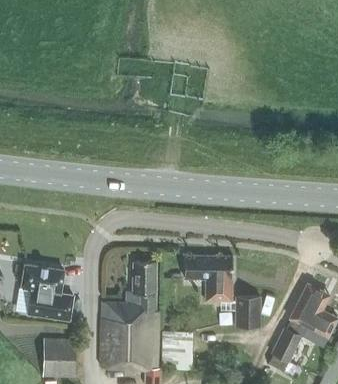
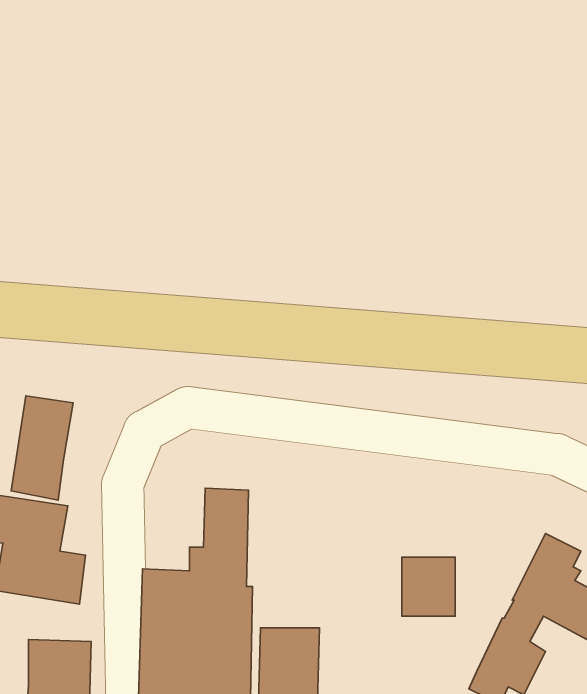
building: none -> [11,396,73,500]
building: [183,256,232,302] -> none

